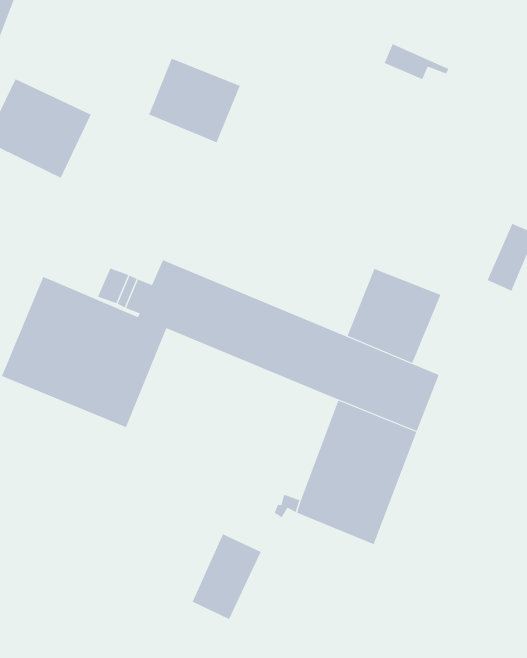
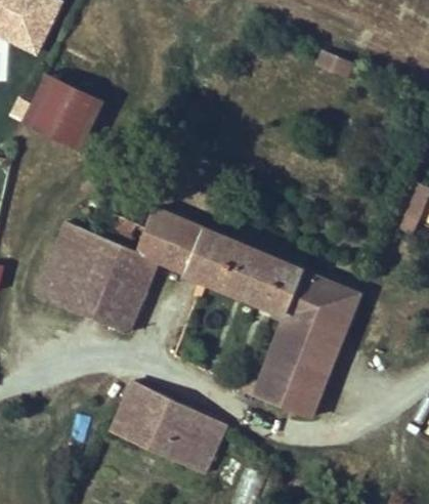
building: [149,58,241,143] -> none
building: [347,268,441,364] -> none
building: none -> [113,381,200,461]

